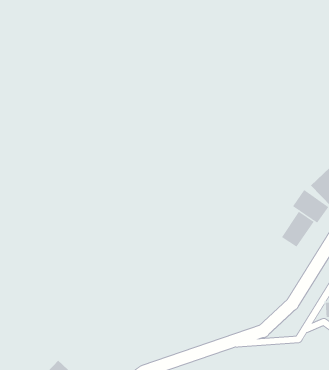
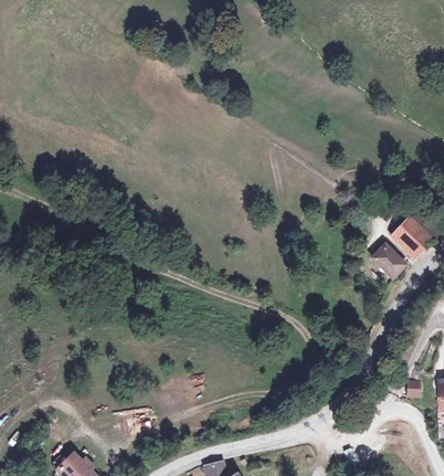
building: [281,211,315,247] -> none

